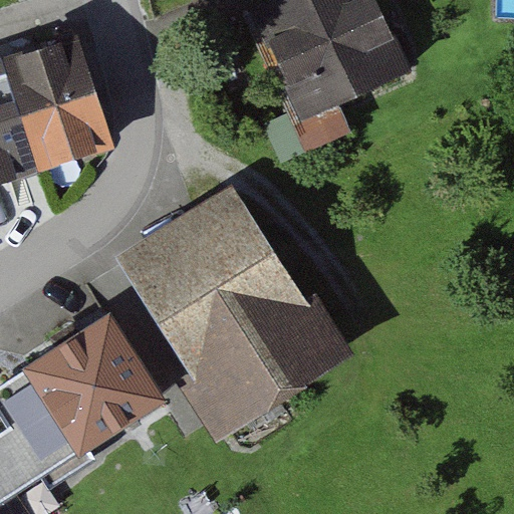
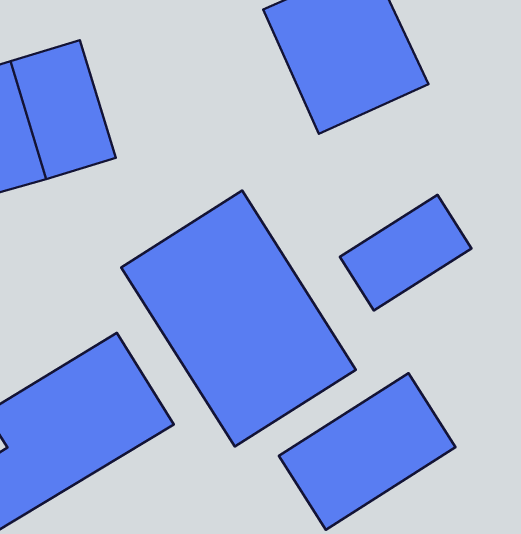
building: none -> [340,195,471,310]
building: none -> [279,373,455,530]

